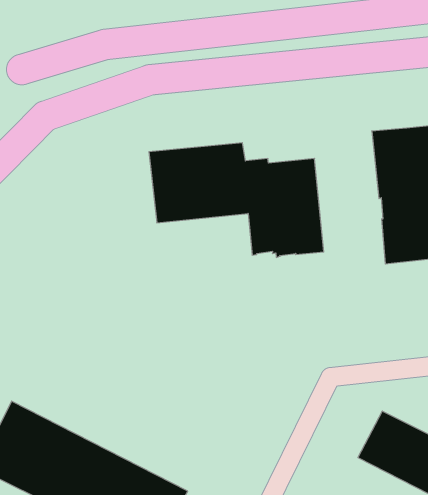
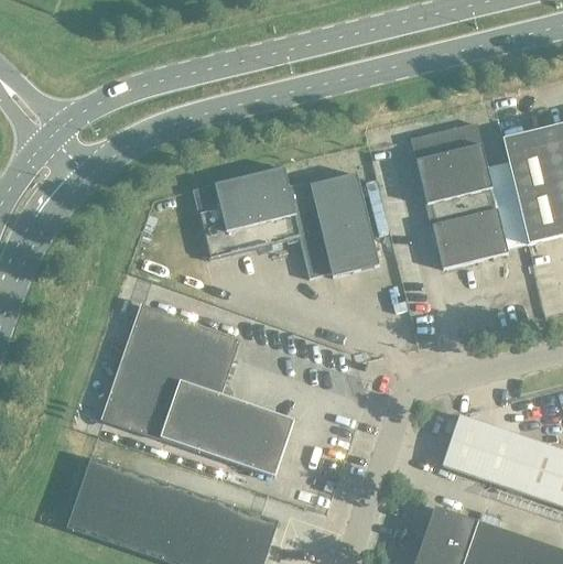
building: none -> [104,306,294,477]

